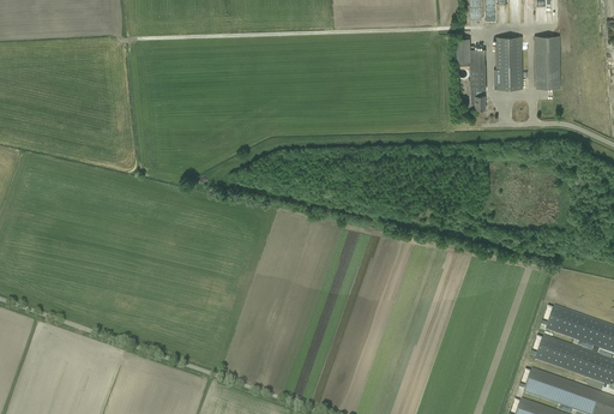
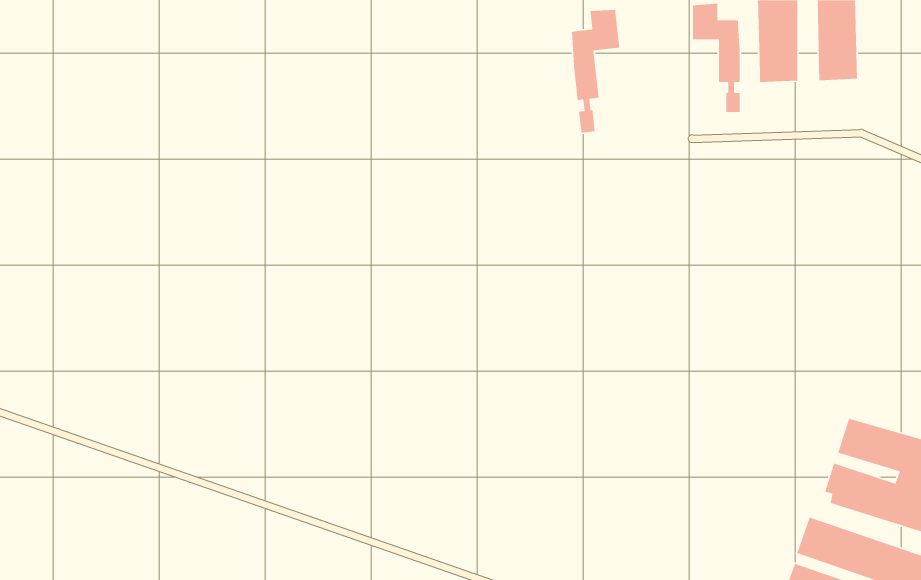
building: none -> [571,9,620,134]

